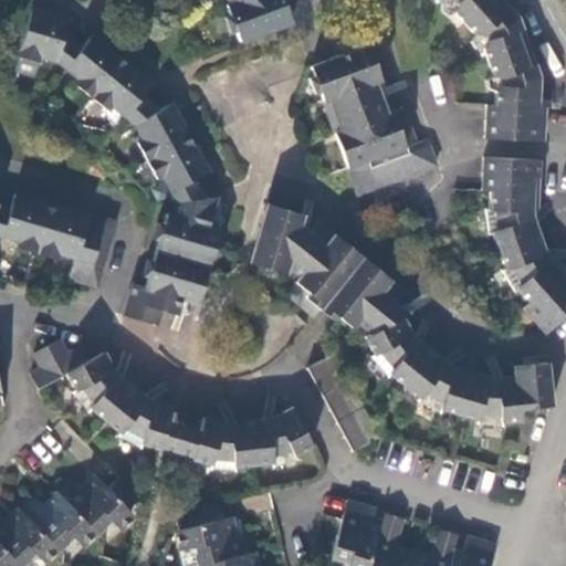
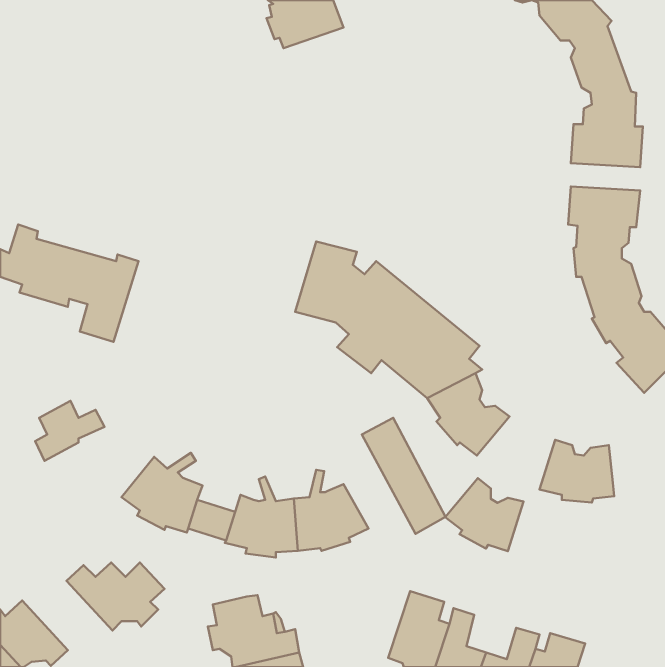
building: [19,10,230,325] -> none
building: [310,40,436,196] -> none
building: [406,353,472,415] -> [445,478,524,551]
building: [69,354,133,421] -> none
building: [516,364,552,409] -> none
building: [21,492,97,551] -> none

